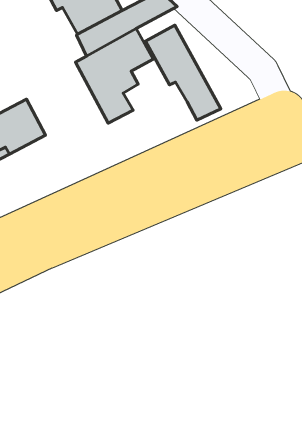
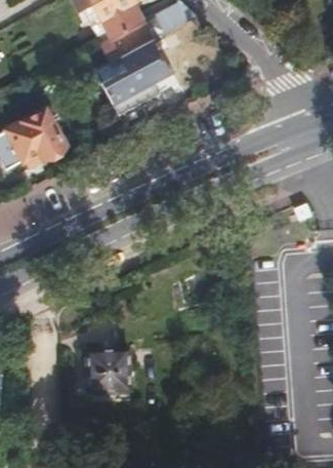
building: [146,25,221,120] -> none
building: none -> [93,347,134,390]

